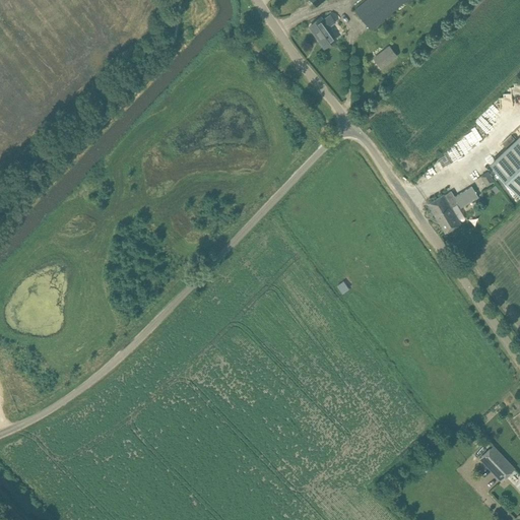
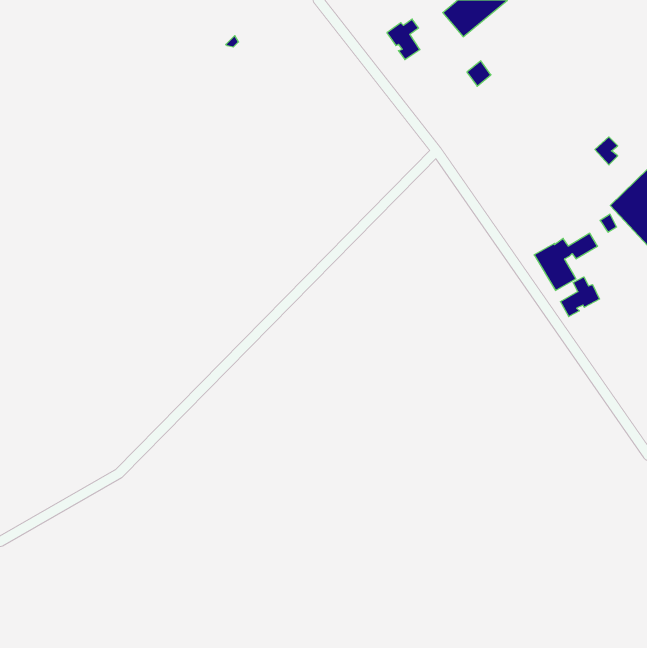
building: none -> [560,277,600,317]
building: [480,446,515,480] -> none

